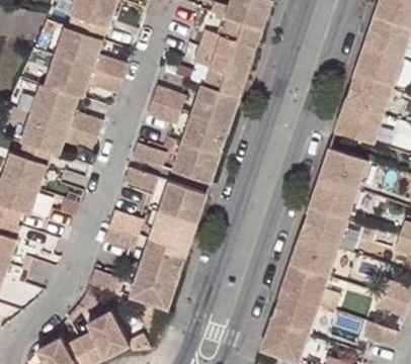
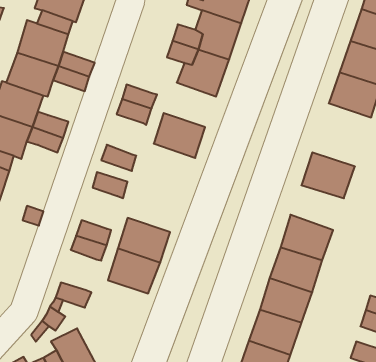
building: [190,82,239,124] -> none
building: [334,102,383,144] -> none
building: [171,140,220,181] -> none
building: [308,178,357,219] -> none
building: [157,179,207,221] -> none
building: [128,266,176,308] -> none

